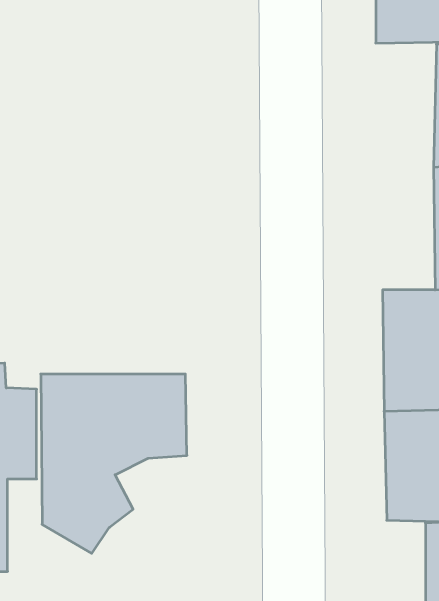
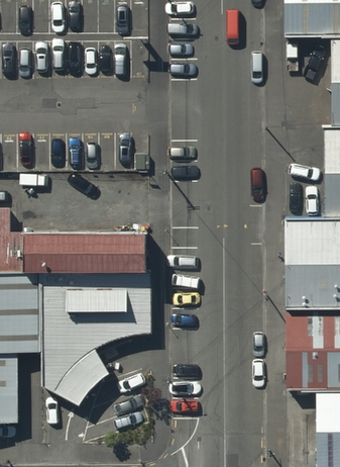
building: none -> [23,232,142,275]

